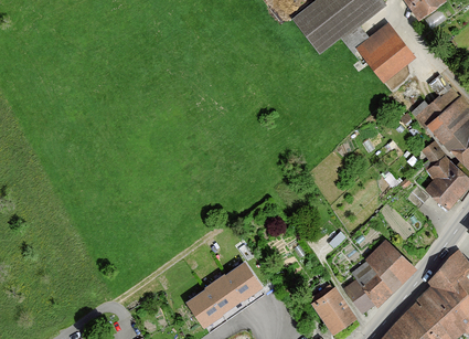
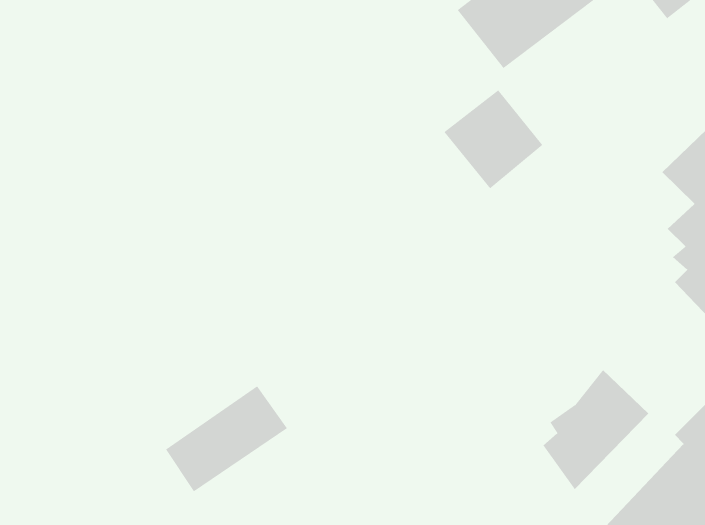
building: [354,22,416,84] -> [443,90,543,189]
building: [183,259,259,326] -> [165,386,288,492]
building: [309,284,353,330] -> none

